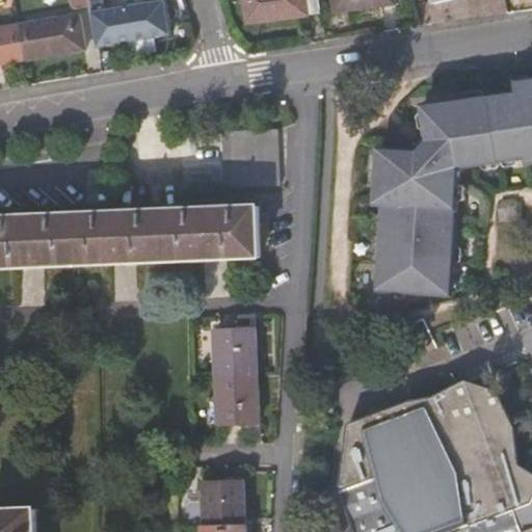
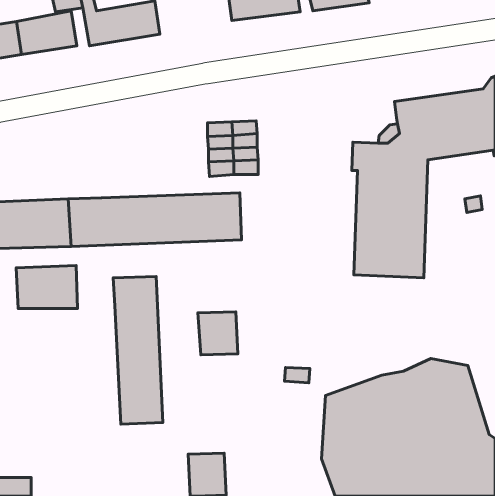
building: none -> [16,265,78,308]
building: none -> [113,277,163,424]
building: [214,377,256,423] -> none

